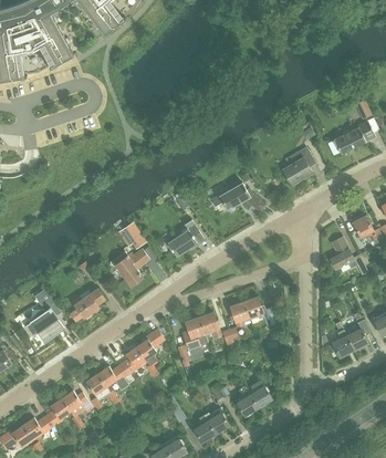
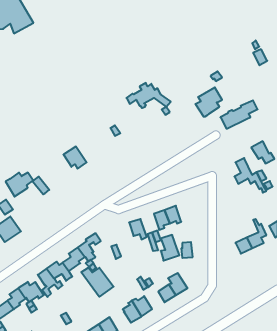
building: [331,117,377,153] -> [220,100,258,129]
building: [209,180,264,211] -> [126,83,171,108]
building: [166,219,204,257] -> none
building: [114,248,148,285] -> none
building: [70,289,104,319] -> [6,173,33,197]
building: [184,316,207,348] -> [161,235,179,261]
building: none -> [81,267,114,297]

